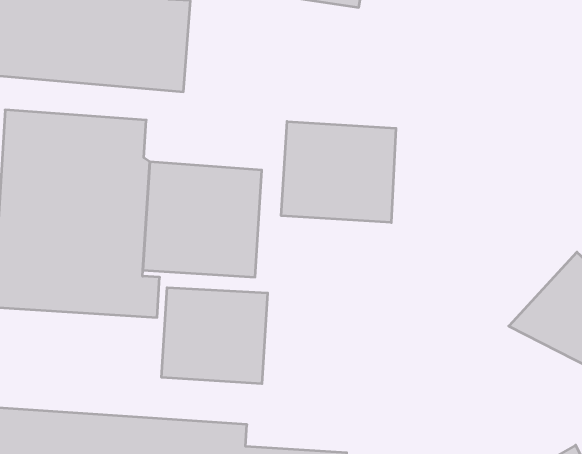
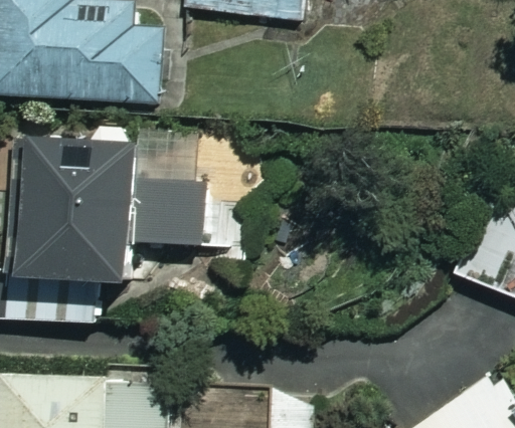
building: [281,121,396,223] -> none
building: [162,288,268,384] -> none

